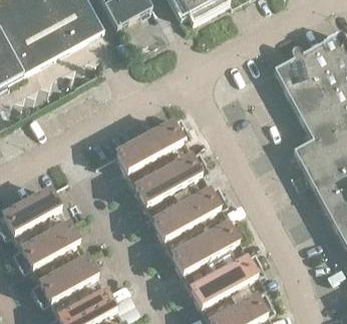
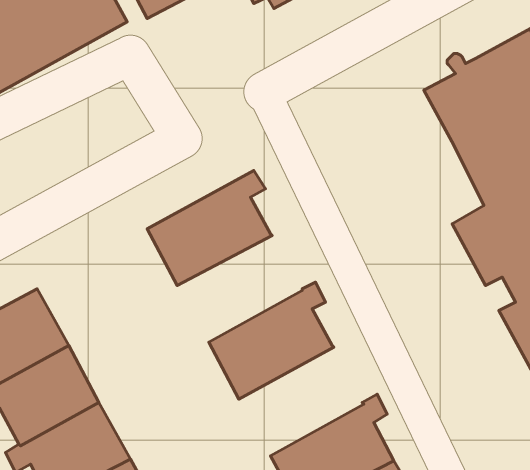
building: [132,151,208,222] -> none
building: [169,220,245,290] -> none

